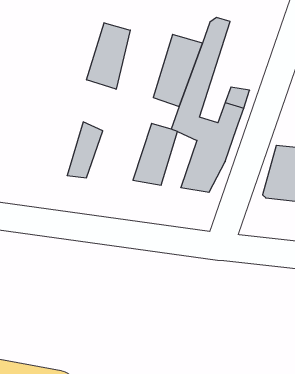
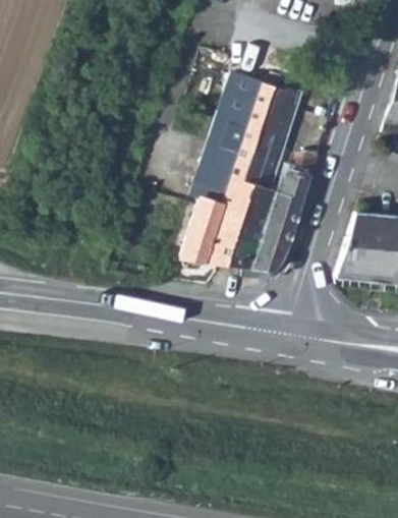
building: [87,23,130,89] -> none
building: none -> [194,153,236,192]
building: [67,122,103,178] -> [214,195,259,266]

